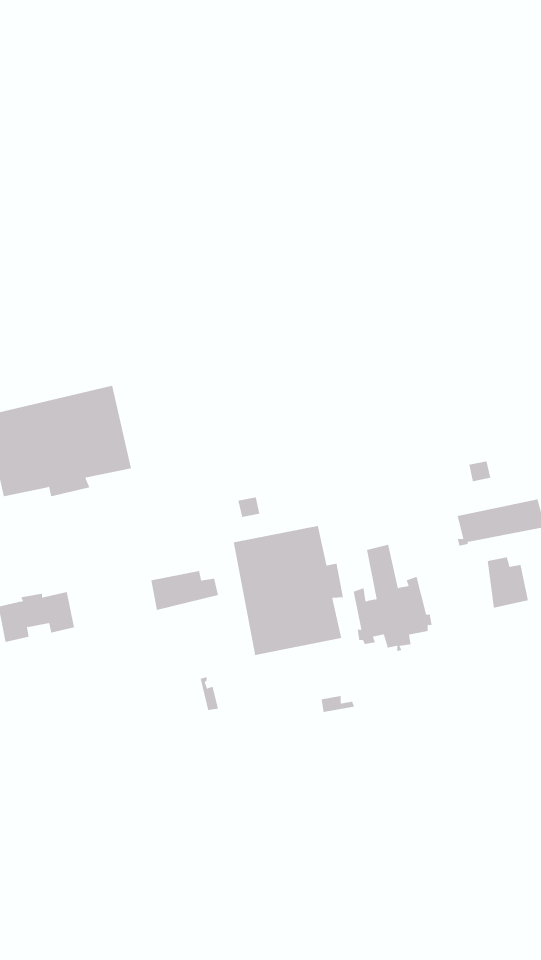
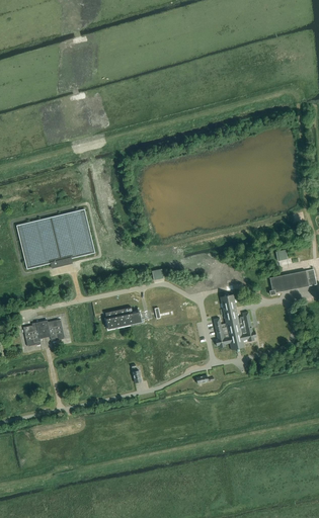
building: [233,525,343,656] -> none
building: [487,557,529,608] -> none

